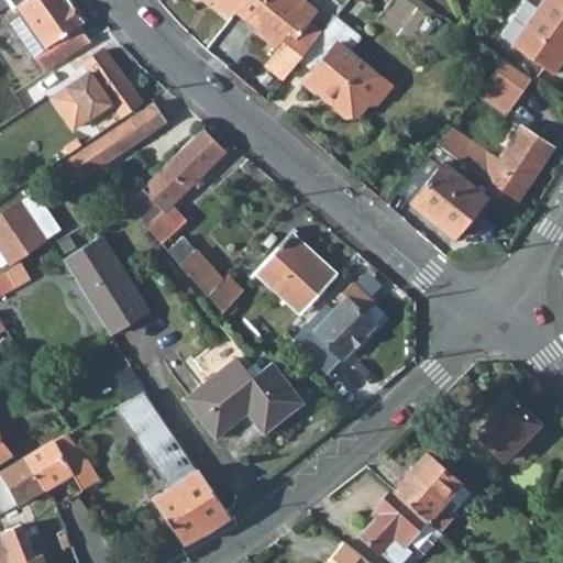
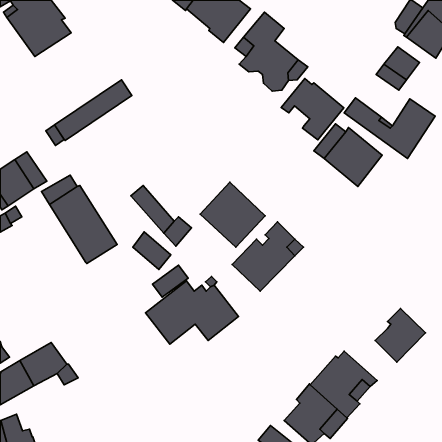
building: [53,46,141,130] -> none
building: none -> [281,79,344,140]
building: [125,128,227,244] -> none
building: none -> [133,232,171,270]
building: [118,391,231,544] -> none

